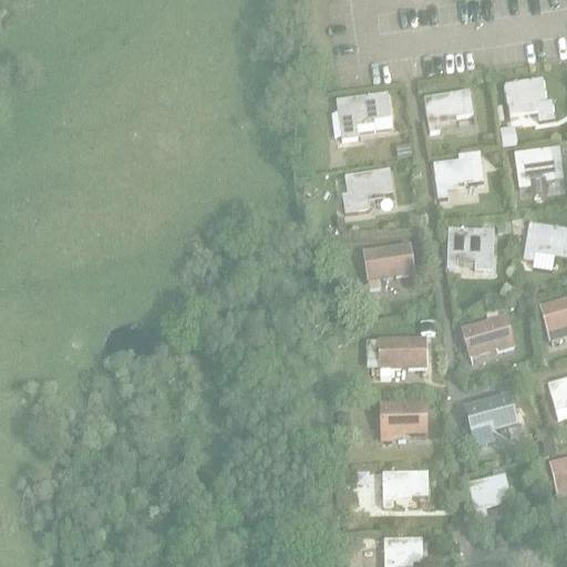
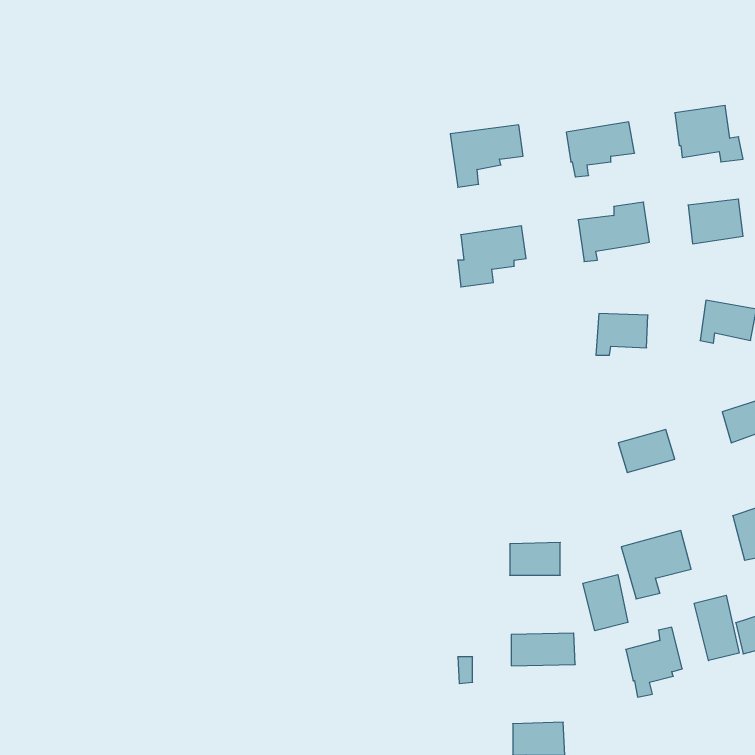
building: [365,247,406,275] -> none
building: [382,339,419,363] -> none
building: none -> [583,575,628,631]
building: none -> [694,595,739,661]

